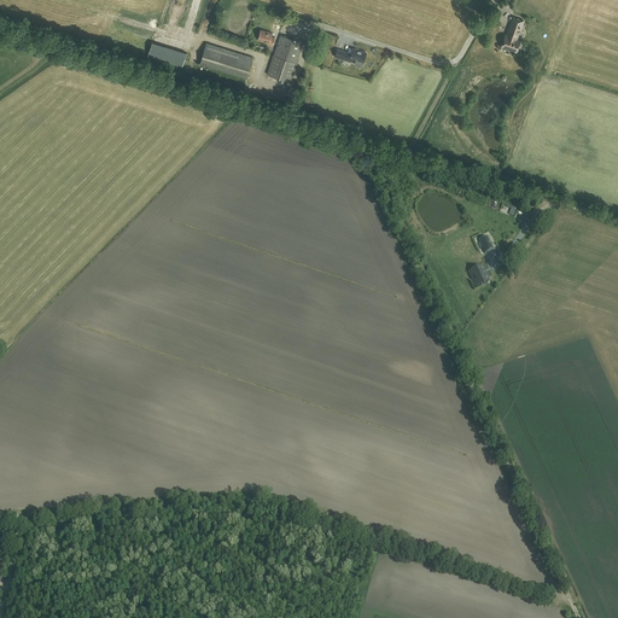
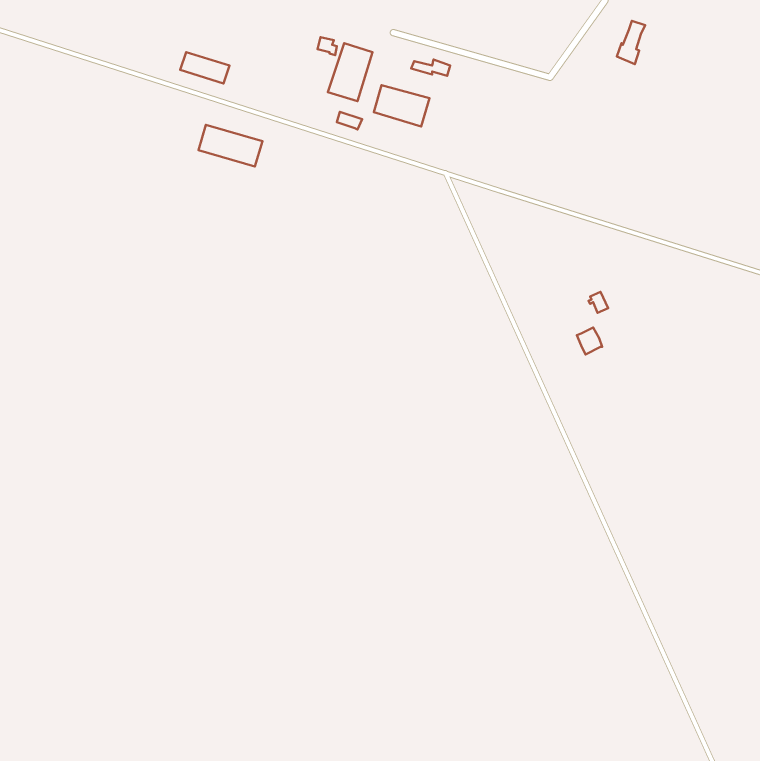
building: [199,43,251,77] -> [198,125,262,167]
building: none -> [374,85,430,126]

